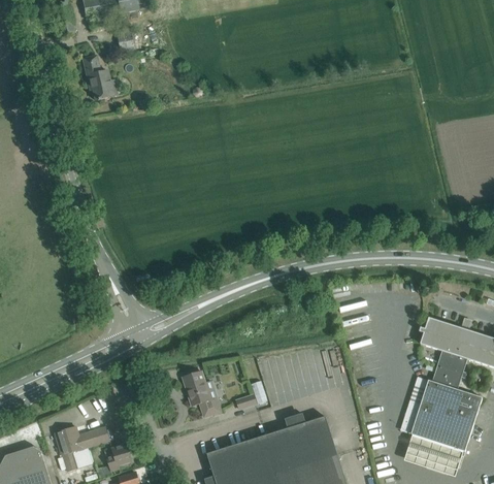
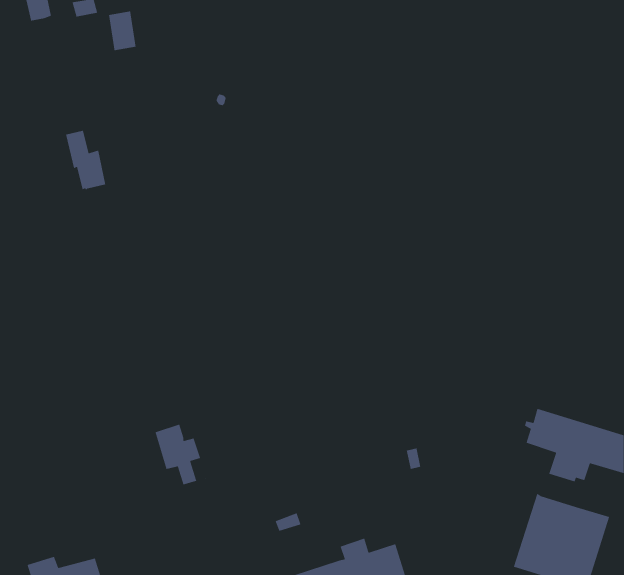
building: [81,56,111,100] -> [65,130,106,190]
building: [431,366,466,390] -> none
building: [183,372,221,417] -> [155,423,207,485]

